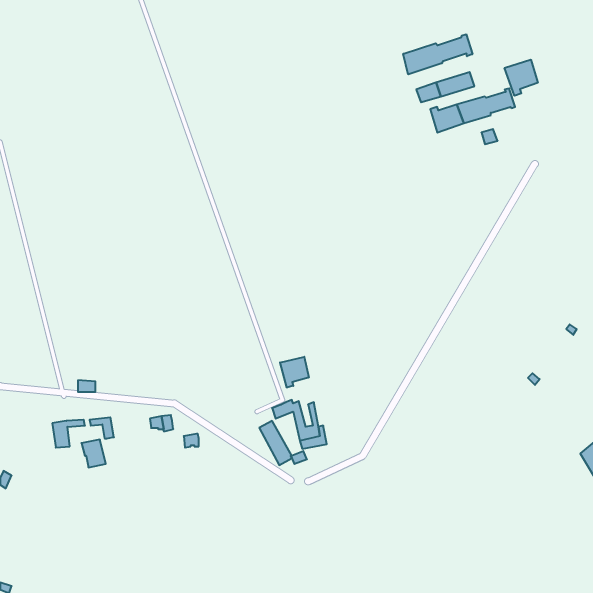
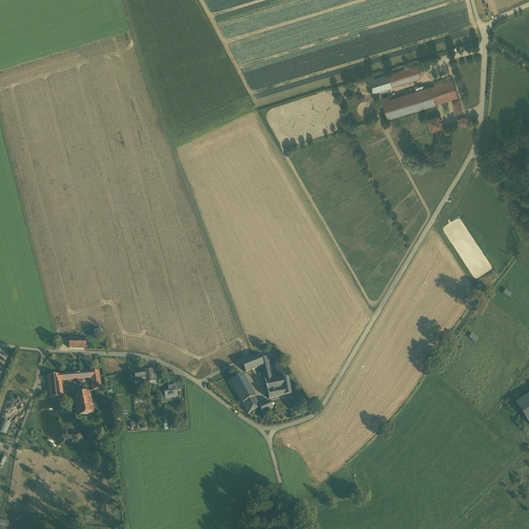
building: [403,34,472,74] -> none
building: [505,60,538,96] -> none
building: [280,357,309,388] -> none

